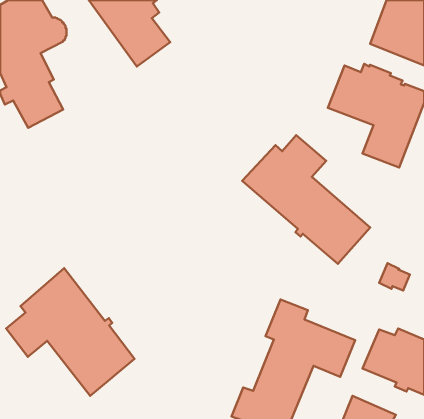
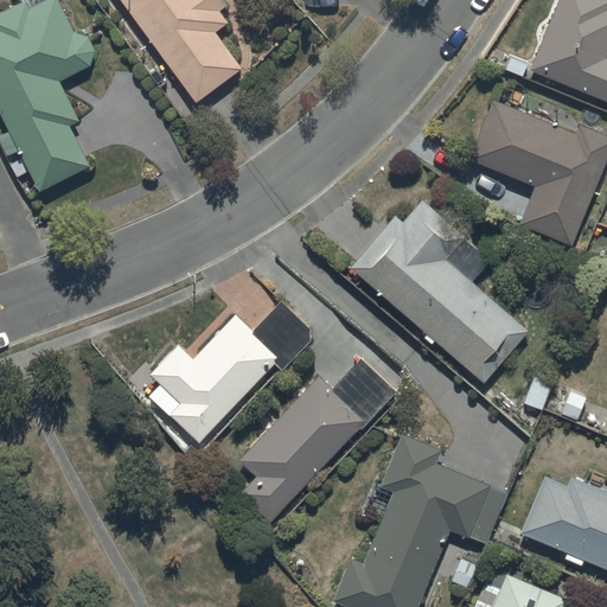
building: none -> [149,302,315,443]
building: none -> [239,358,396,523]
building: [6,268,134,396] -> none

